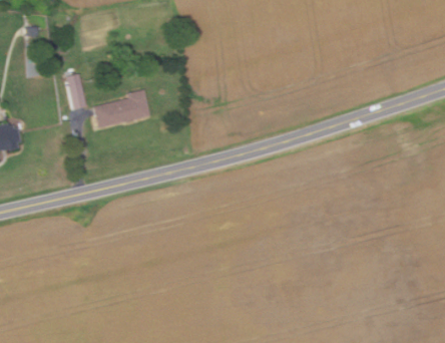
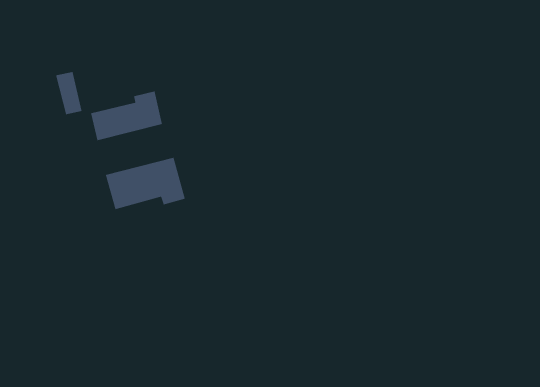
building: none -> [105,157,186,210]

